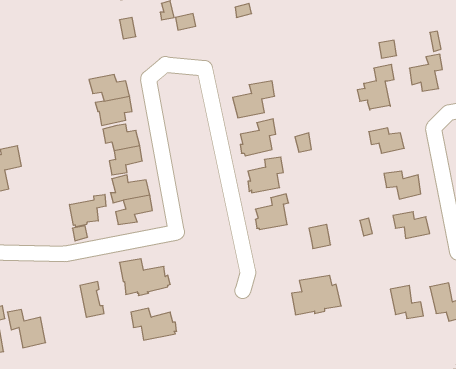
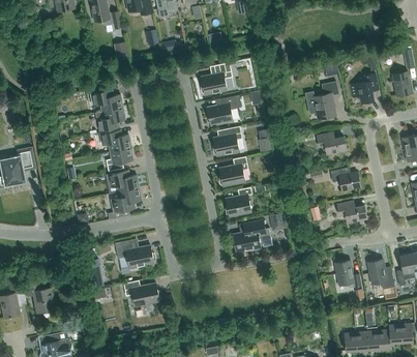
building: none -> [200,62,232,94]
building: [70,194,106,227] -> none
building: [292,275,341,315] -> [232,219,272,251]

